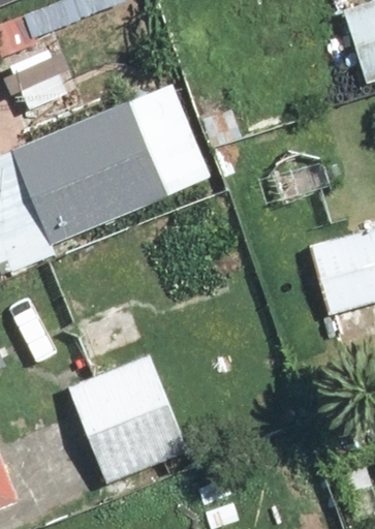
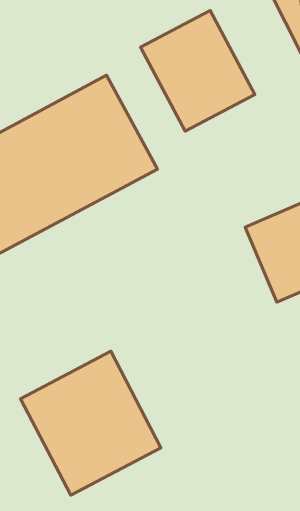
building: none -> [141,11,255,131]

